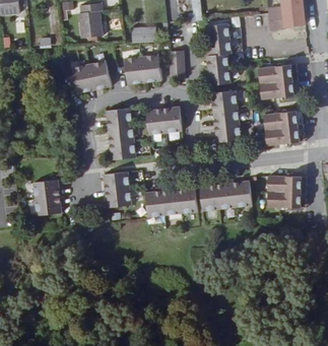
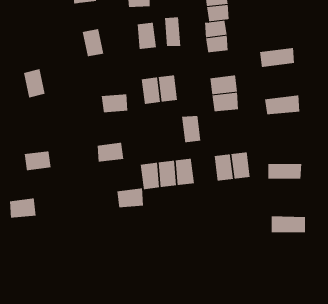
building: [125,57,144,83] -> none
building: [73,64,94,92] -> [23,69,45,98]
building: [259,64,293,83] -> none
building: [211,89,238,109] -> none
building: [107,108,133,126] -> none
building: [264,110,299,129] -> none
building: [110,140,135,159] -> none
building: [268,175,302,191] -> [271,216,306,233]
building: [200,184,219,210] -> [181,115,201,143]
building: [105,187,131,206] -> [116,188,144,208]
building: [36,195,62,214] -> [9,198,37,218]

